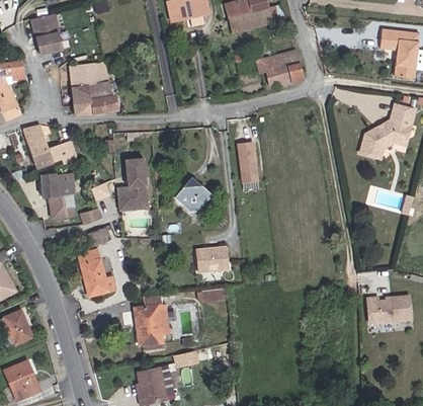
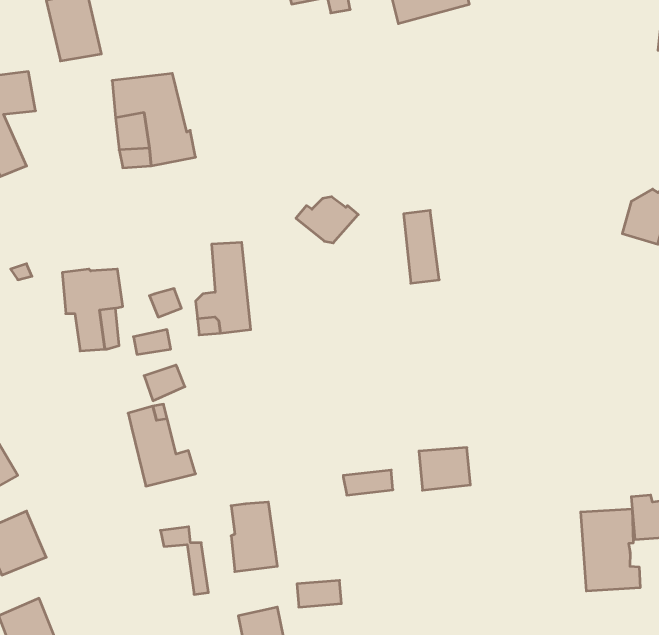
building: [268,51,304,86] -> none
building: [22,125,77,168] -> none
building: [173,185,208,212] -> [296,197,358,243]
building: [200,246,230,270] -> [419,448,470,490]
building: [143,295,170,333] -> [160,527,208,594]
building: none -> [581,509,640,591]

